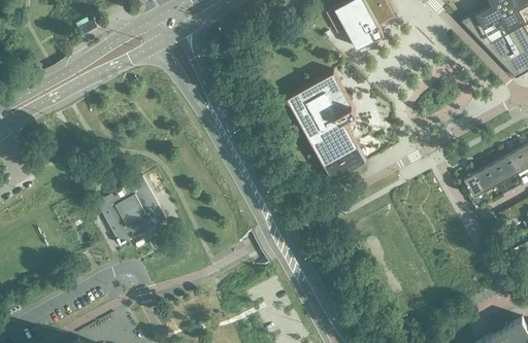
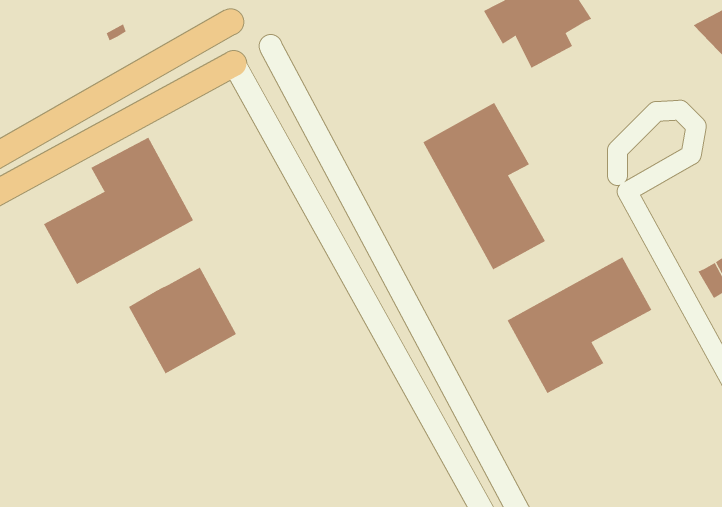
building: none -> [43,137,194,285]
building: none -> [507,257,652,394]

